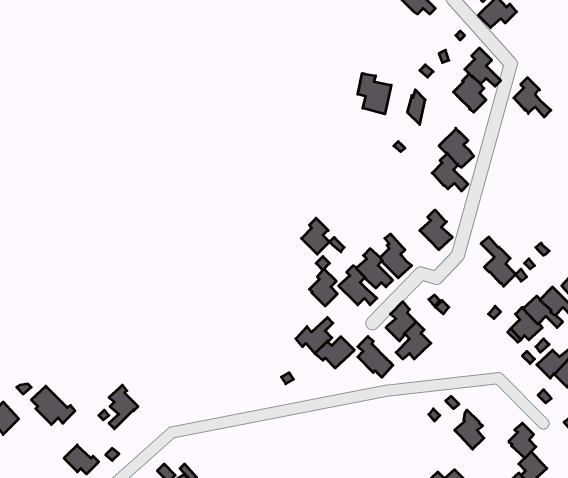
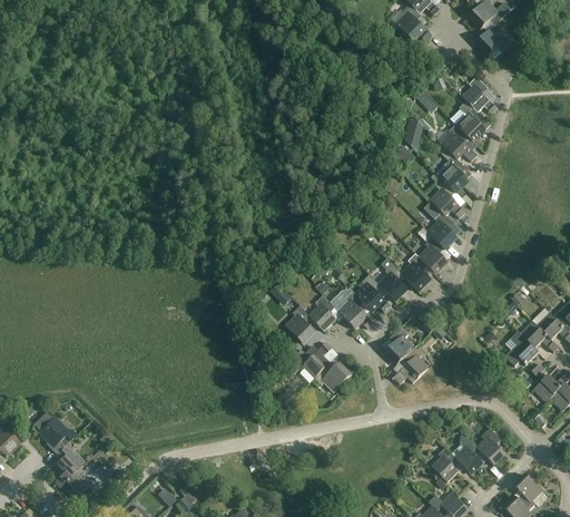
building: [358,73,391,114] -> none
building: [514,78,551,117] -> [442,123,479,162]
building: [301,218,330,254] -> [285,304,313,340]
building: none -> [401,252,432,292]
building: [481,237,516,286] -> [424,201,459,250]
building: [358,336,393,377] -> none
building: [109,385,138,429] -> [55,442,83,486]
building: [509,423,536,458] -> [476,427,503,461]
building: none -> [432,446,460,480]

